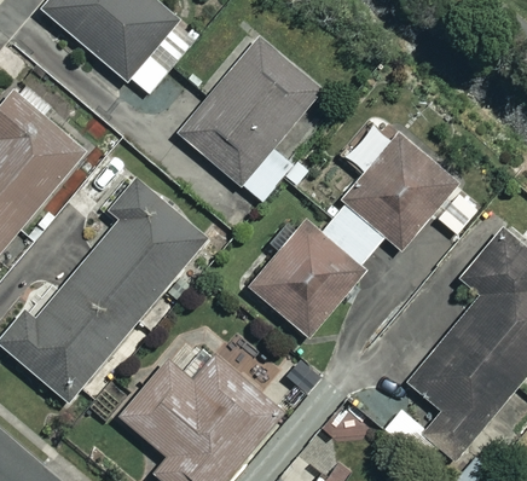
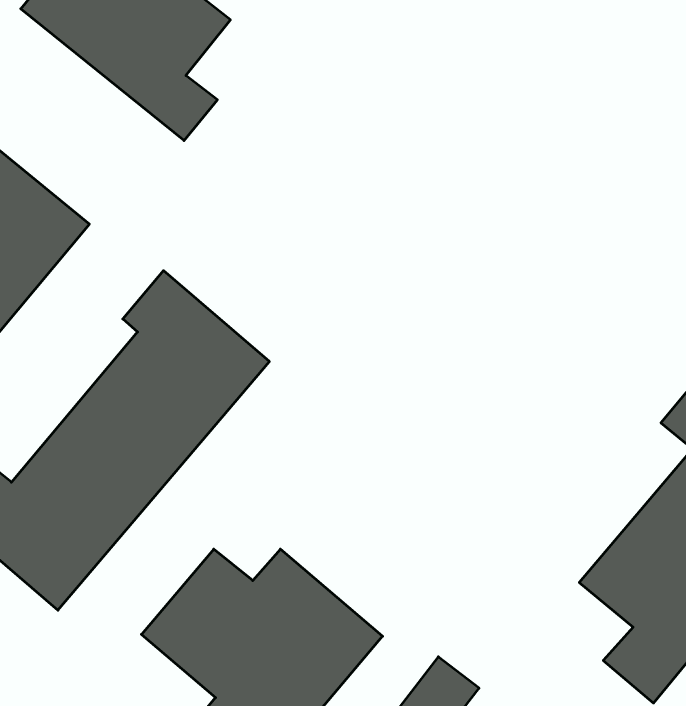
building: [179,37,322,203] -> none
building: [249,134,457,337] -> none

